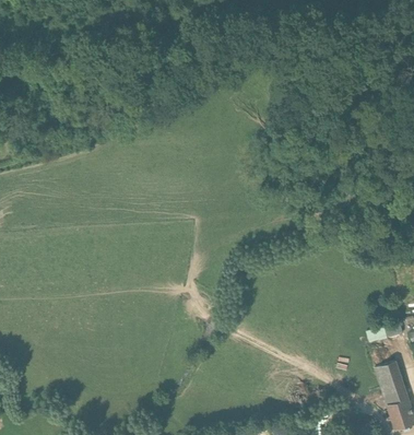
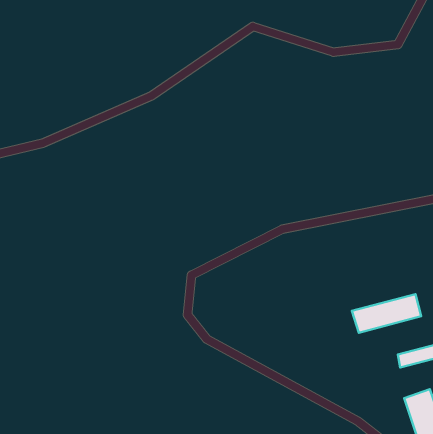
building: none -> [352,294,421,333]

